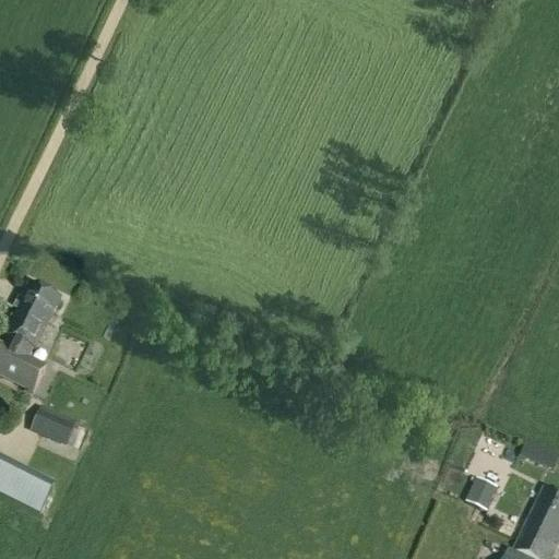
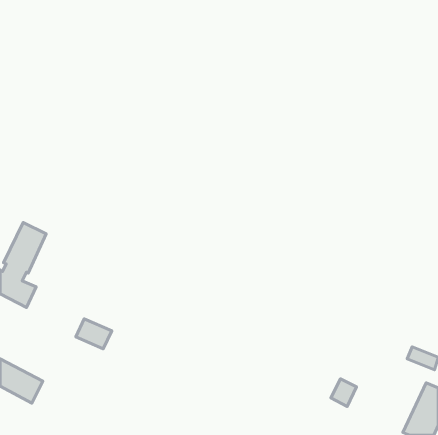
building: [32,406,78,444] -> [76,319,112,349]
building: [465,478,498,513] -> [331,379,357,406]

